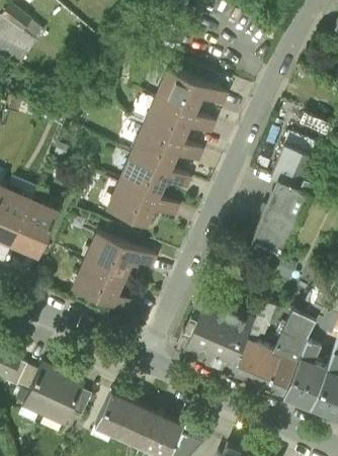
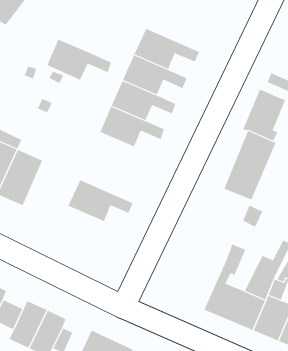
building: [107,182,177,226] -> [47,39,112,80]
building: [73,261,136,314] -> none
building: [183,299,254,372] -> none

